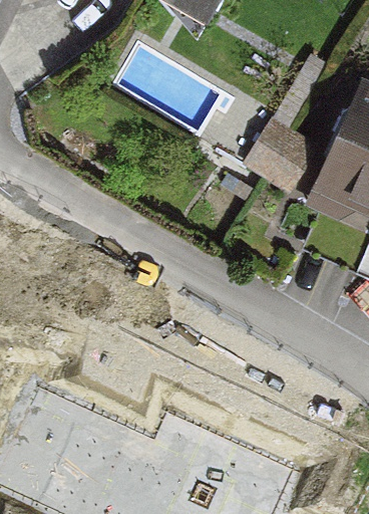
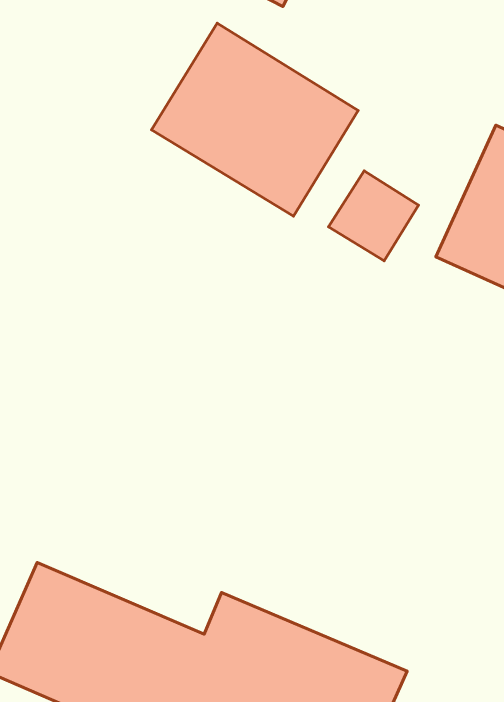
building: none -> [151,23,358,216]

